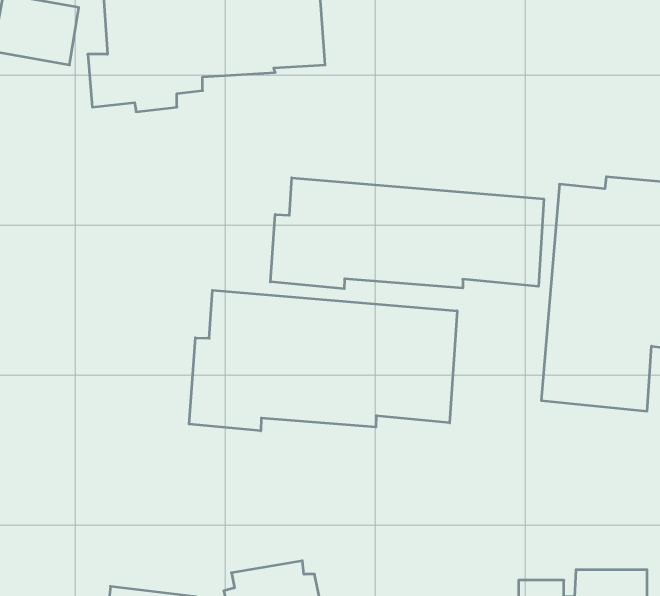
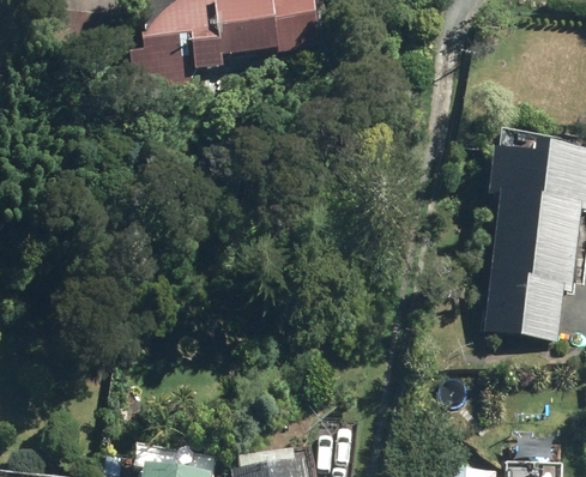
building: [270,178,544,289] -> none
building: [189,290,457,431] -> none

